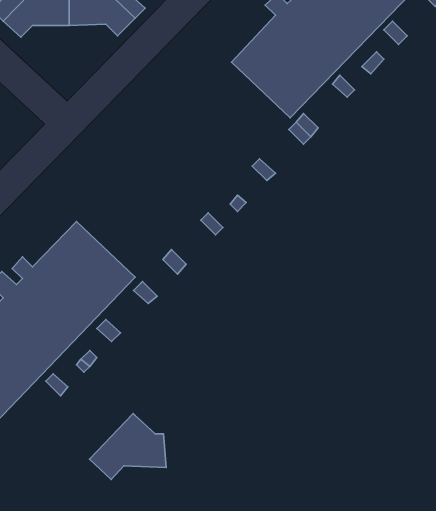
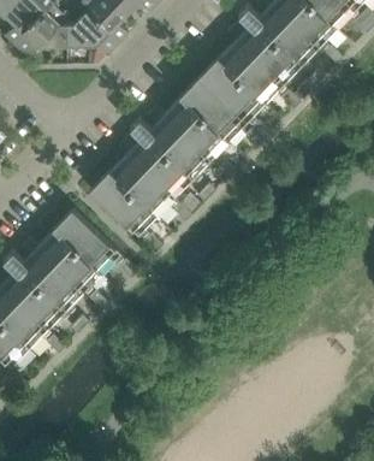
building: none -> [90,76,248,235]
building: [89,413,166,479] -> none

